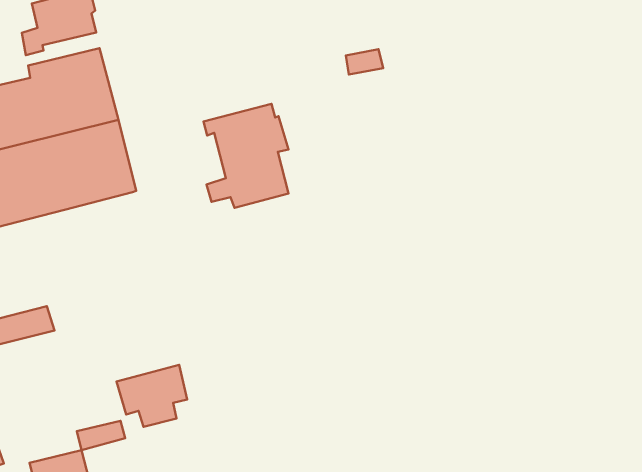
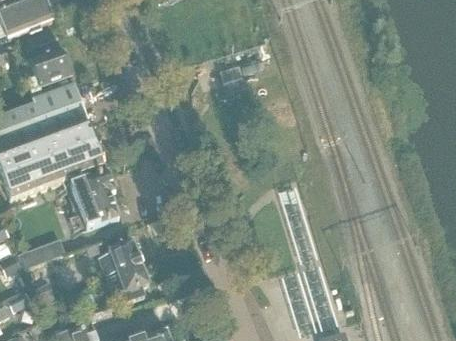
building: [204,104,289,208] -> [63,164,118,228]
building: none -> [97,238,141,273]

